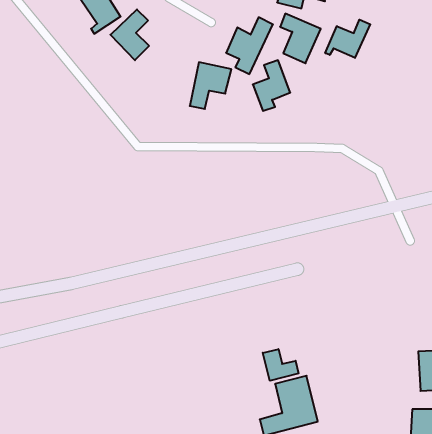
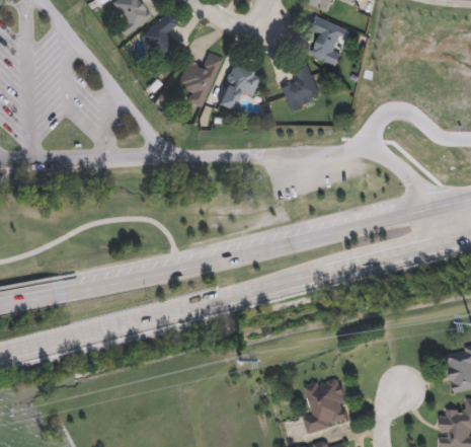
building: [226,17,273,74] -> [177,51,224,107]
building: [325,20,370,58] -> none
building: [263,349,299,381] -> none

